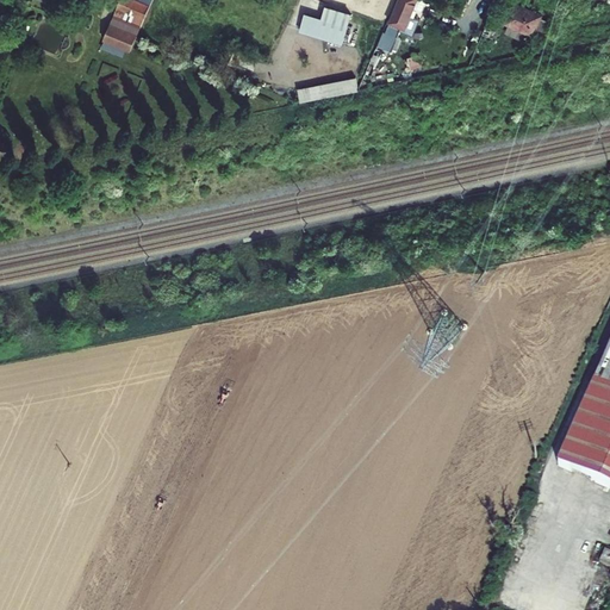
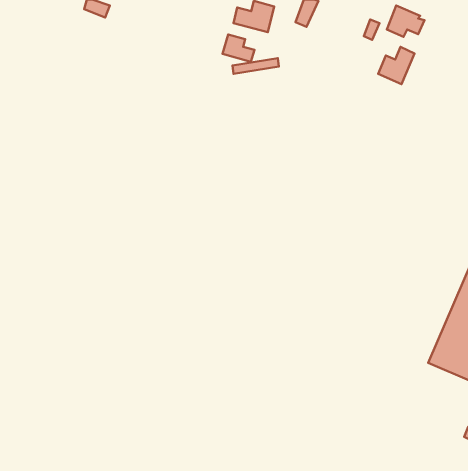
building: [102,20,138,52] -> none
building: none -> [223,34,255,62]
building: none -> [378,47,415,84]

